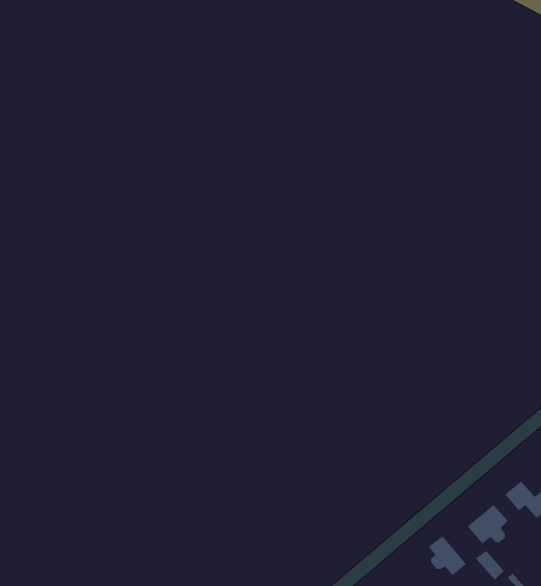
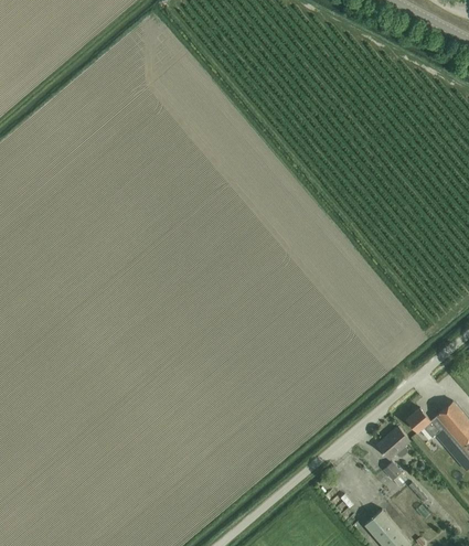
building: [428,535,467,576] -> none

